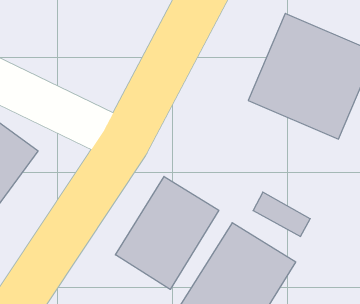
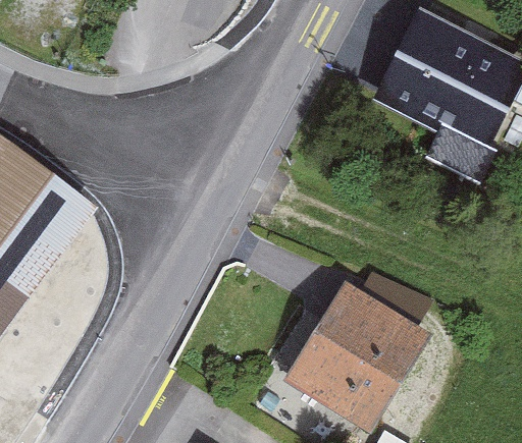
building: [115,176,219,289] -> none

